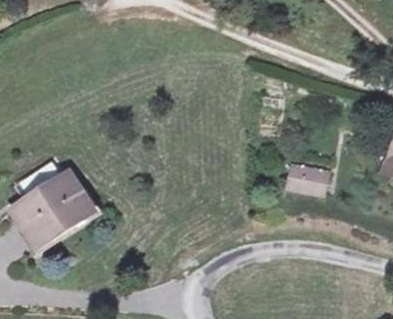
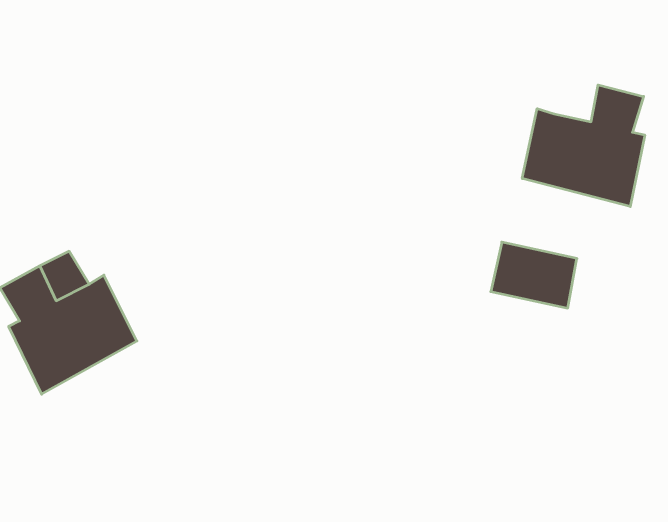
building: none -> [522,85,645,207]

